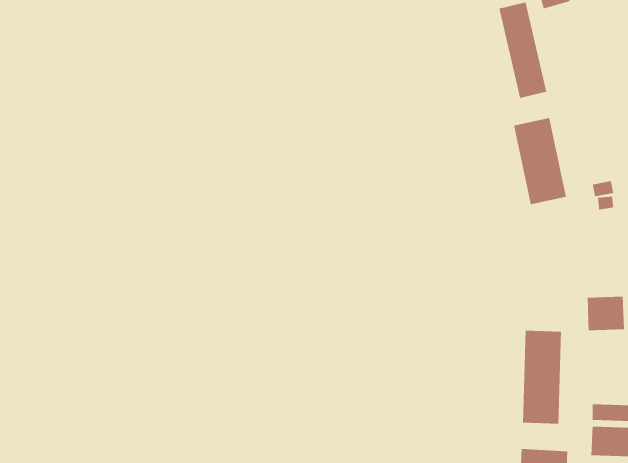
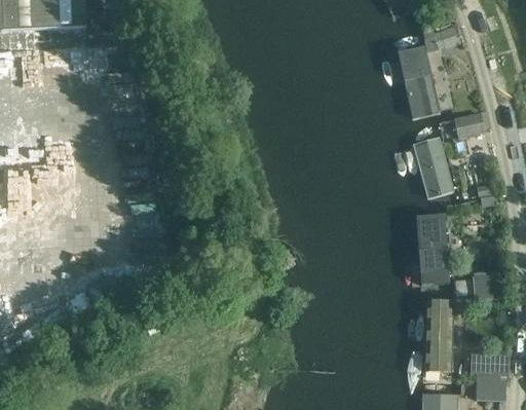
building: none -> [451,111,482,137]
building: none -> [412,214,451,287]

